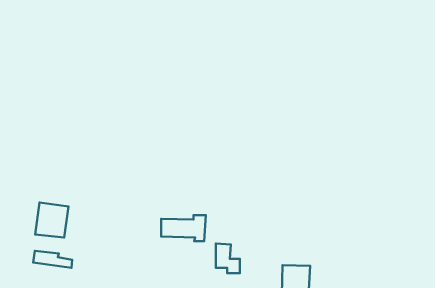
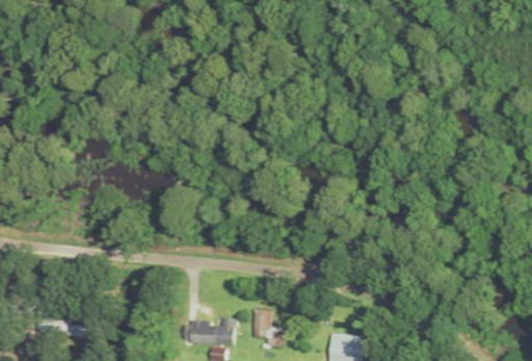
building: [35,203,69,238] -> none
building: [161,215,206,241] -> [184,317,236,347]

